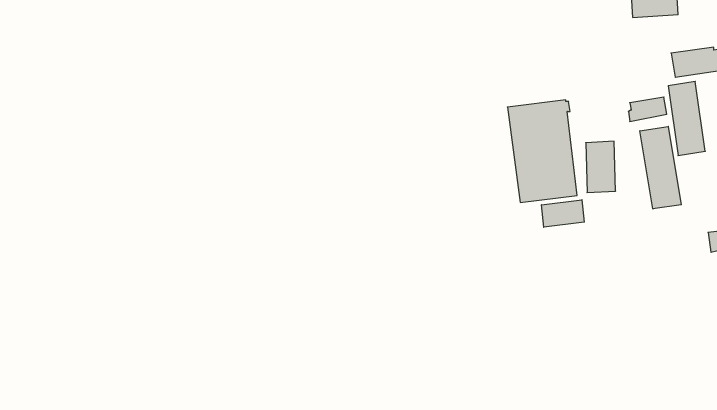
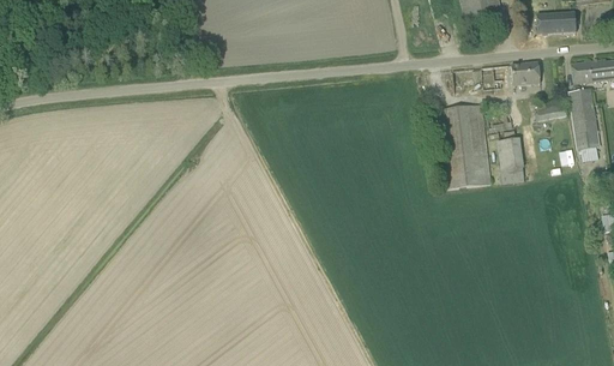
building: none -> [511,61,541,86]
building: [640,126,681,209] -> none
building: [542,200,584,227] -> none

